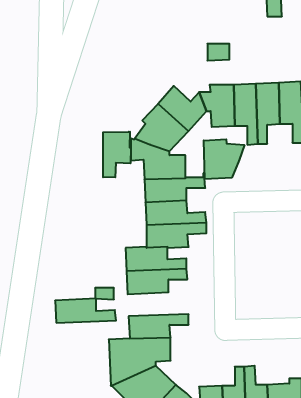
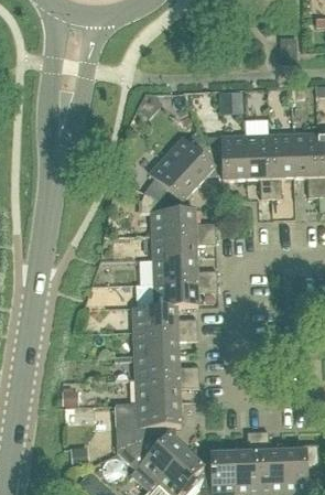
building: [103,132,131,177] -> none
building: [204,139,244,179] -> none
building: [55,298,116,323] -> [134,352,198,377]

